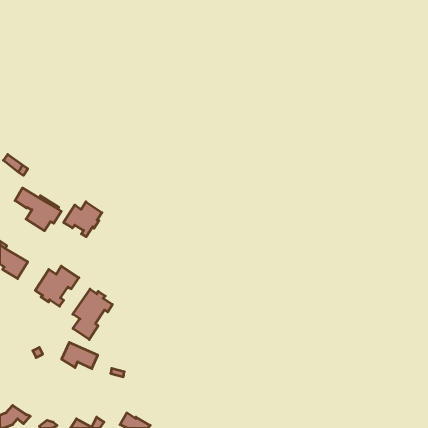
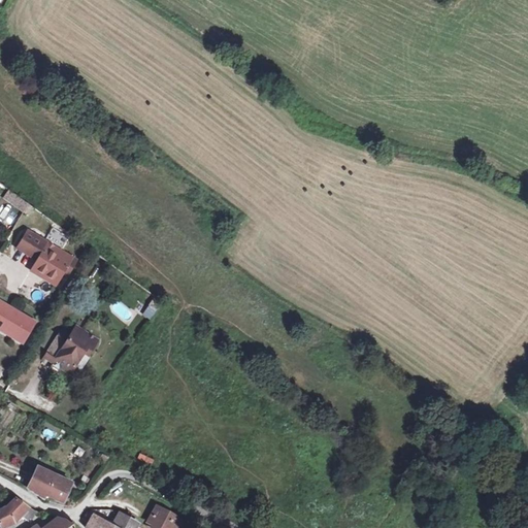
building: [64,202,102,237] -> none
building: [73,289,112,340] -> none
building: [62,342,98,369] -> [27,467,71,499]

